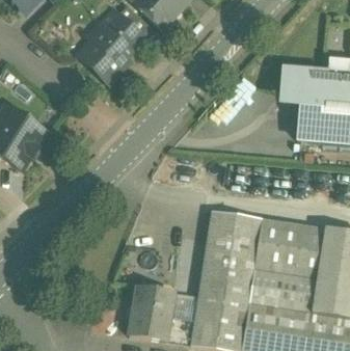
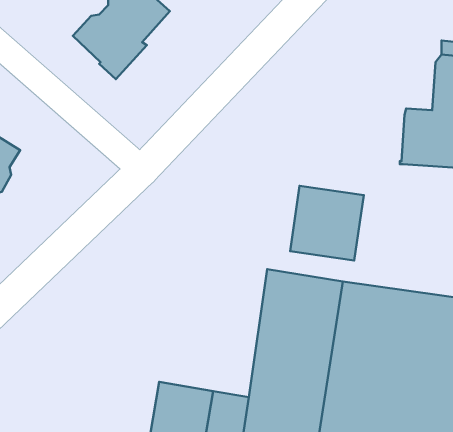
building: [278,66,324,106] -> none
building: none -> [290,186,364,260]

